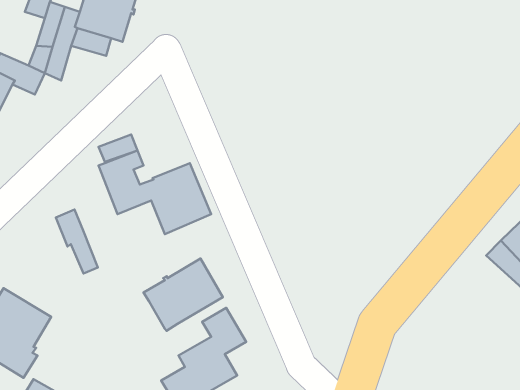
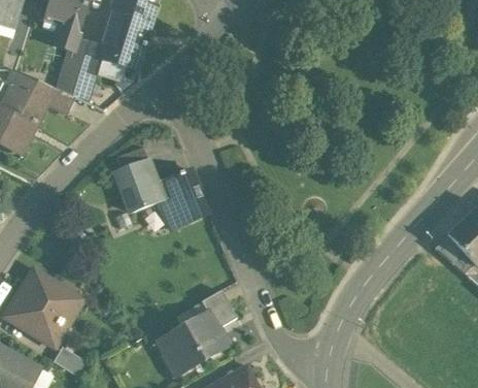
building: [56,210,98,273] -> none
building: [143,259,223,331] -> none

